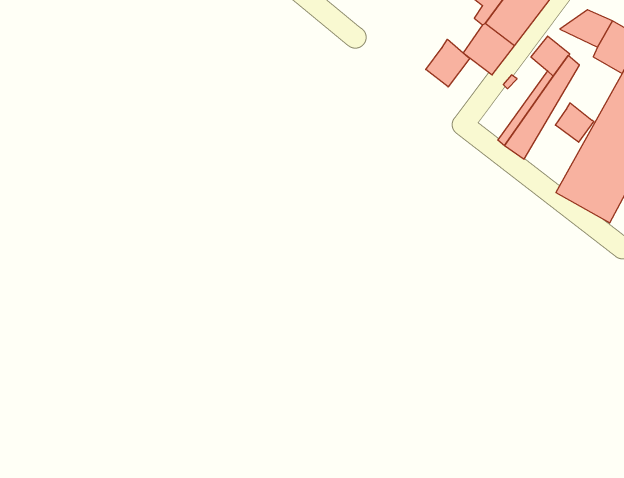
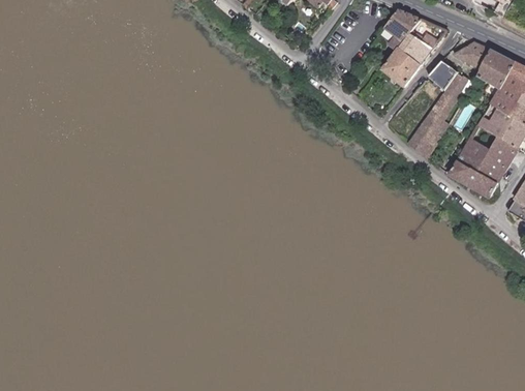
building: [426,39,470,87] -> none
building: [555,103,594,142] -> none

